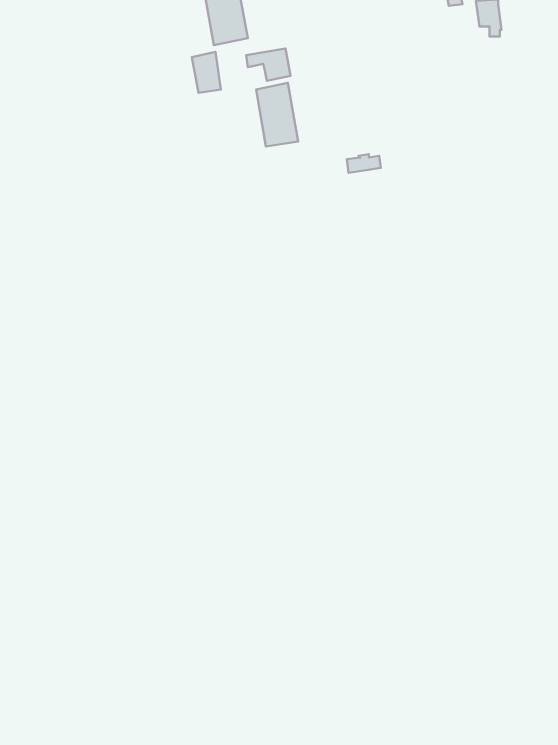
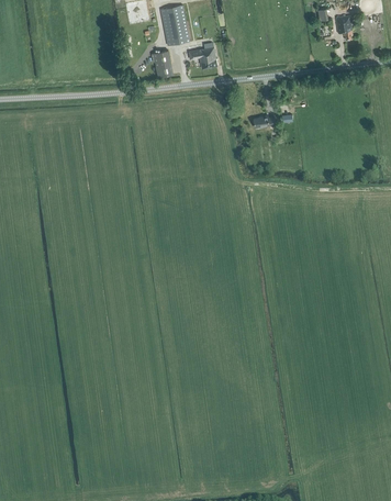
building: [256,83,298,146] -> none

